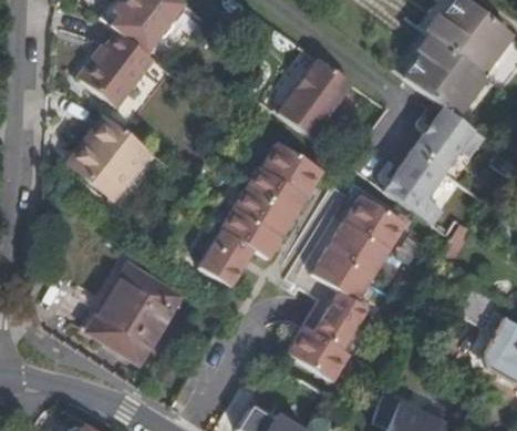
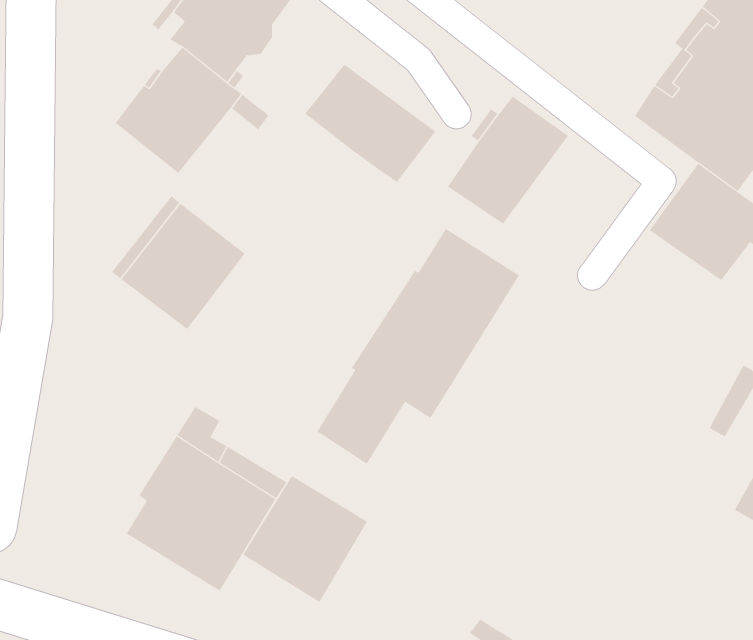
building: none -> [305,64,436,183]
building: [373,142,446,225] -> none
building: [287,195,405,382] -> none
building: none -> [243,475,368,603]

